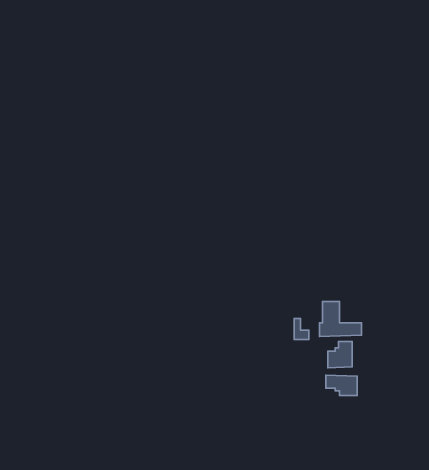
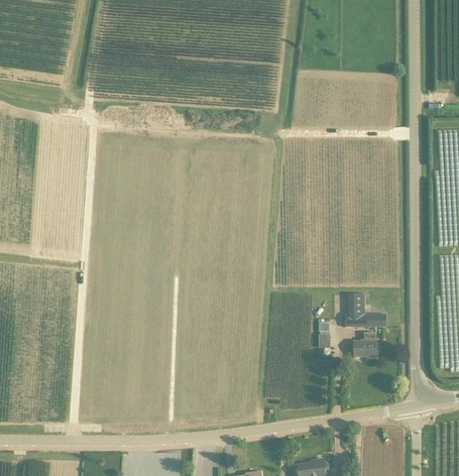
building: [326,375,357,396] -> none

